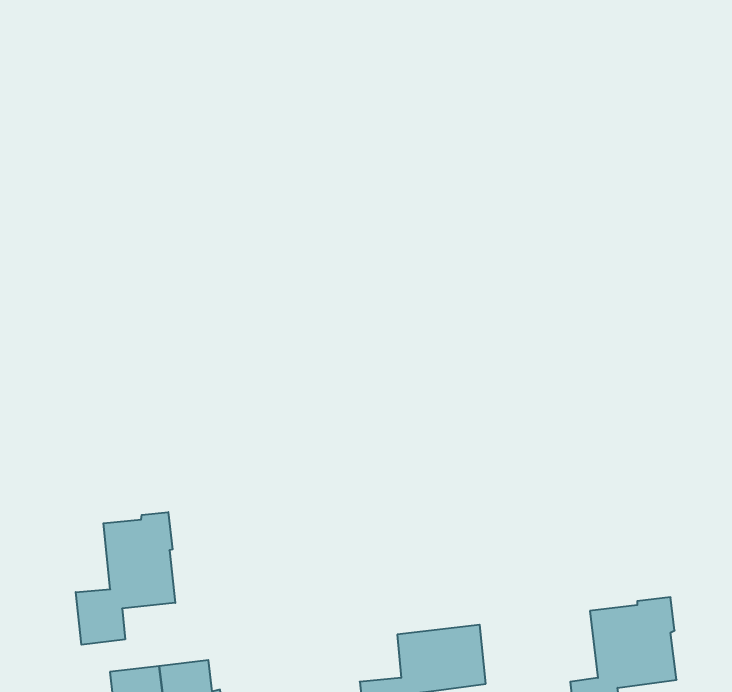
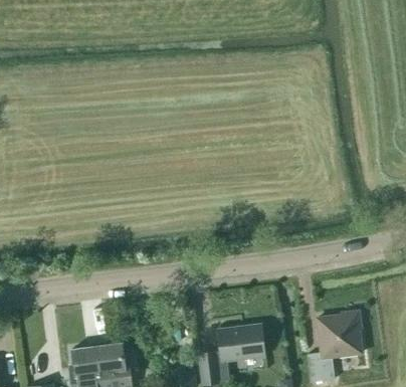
building: [76,512,175,645] -> none

